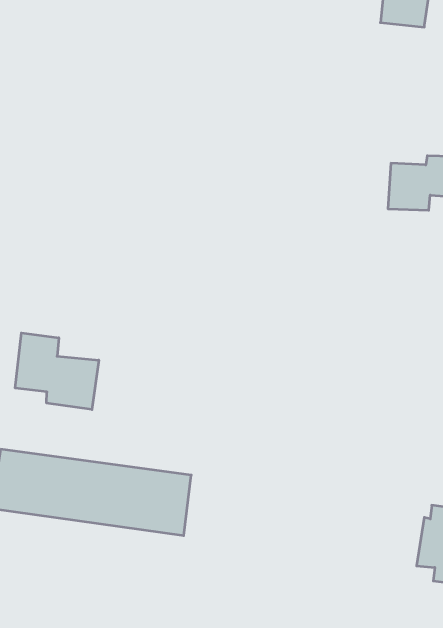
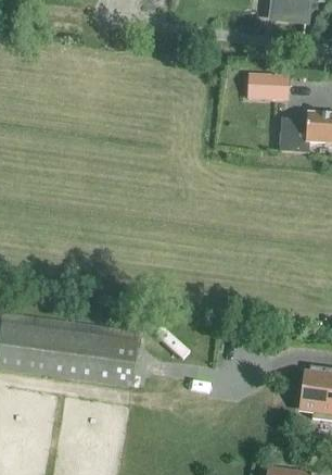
building: none -> [237,68,285,101]
building: [15,333,99,410] -> none

